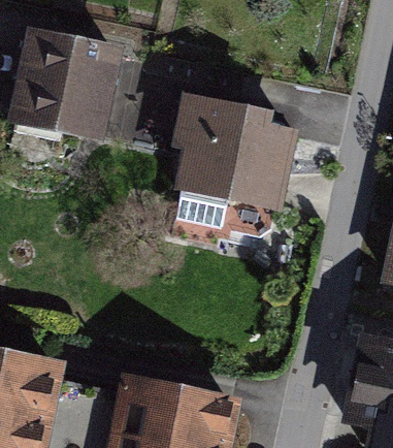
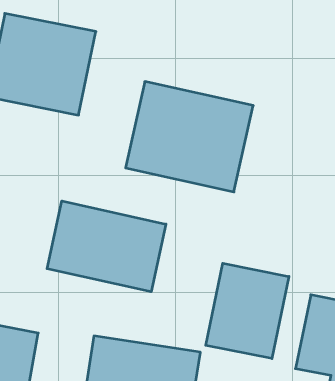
building: none -> [47,201,166,292]
building: none -> [206,263,289,359]

